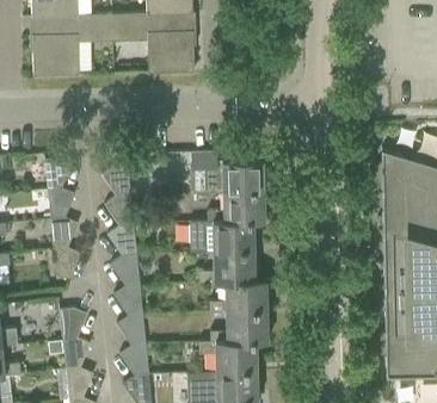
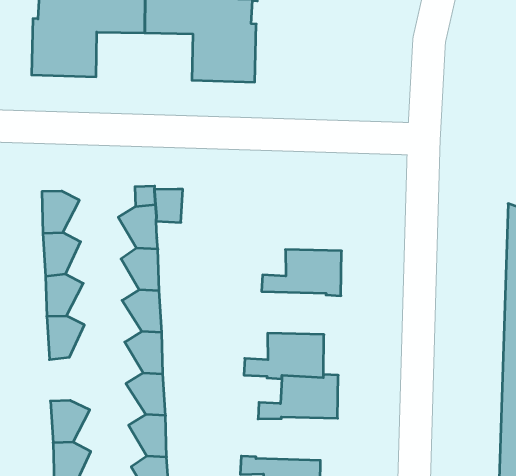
building: [192,151,264,193] -> none
building: [191,222,254,254] -> none
building: [210,311,269,343] -> none

